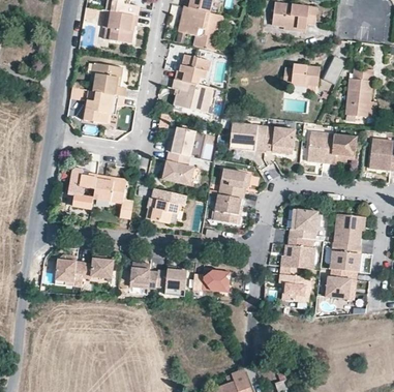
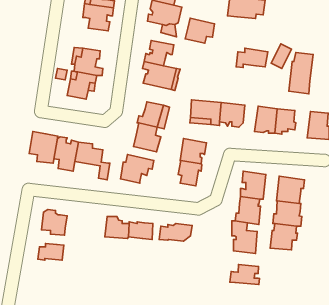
building: none -> [185,18,215,43]
building: none -> [29,131,58,163]
building: [82,257,113,276] -> [38,243,64,260]
building: none -> [230,265,260,284]

